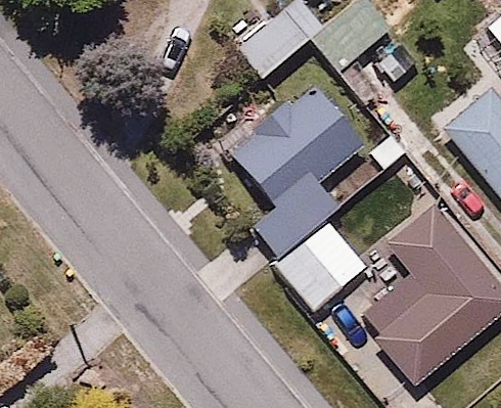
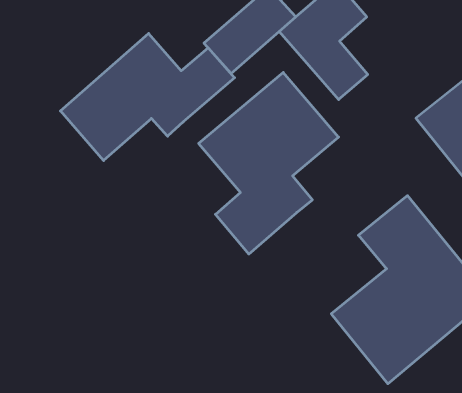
building: none -> [60,33,235,161]
building: [279,217,370,309] -> none

